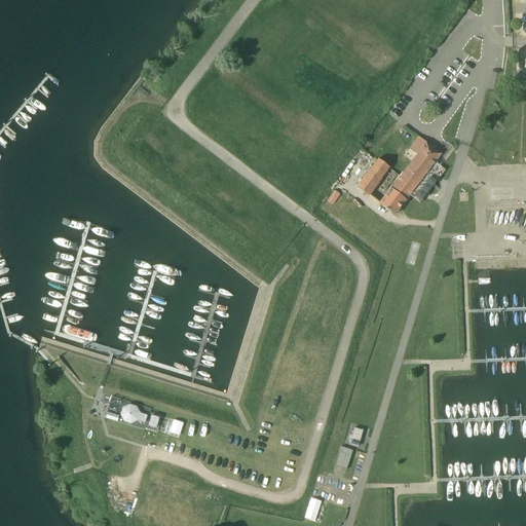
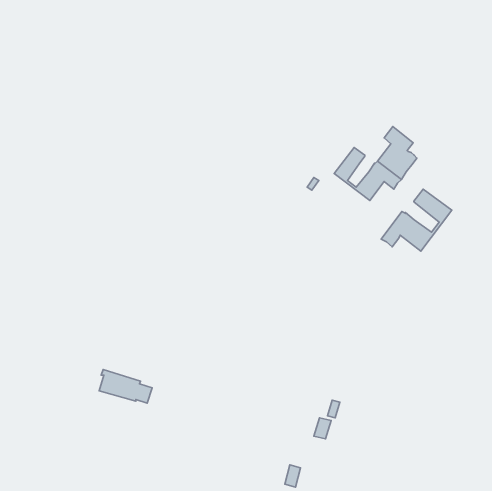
building: none -> [381,189,452,251]

